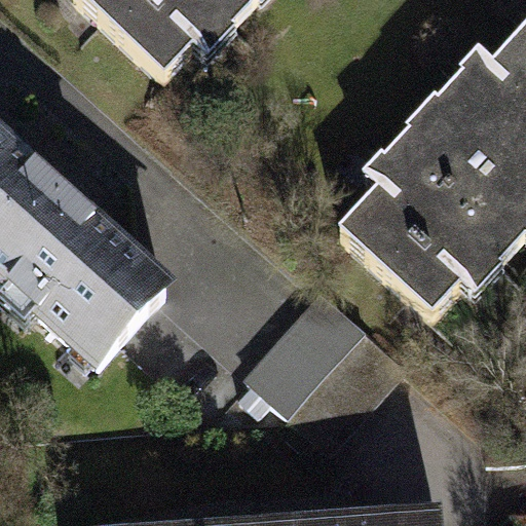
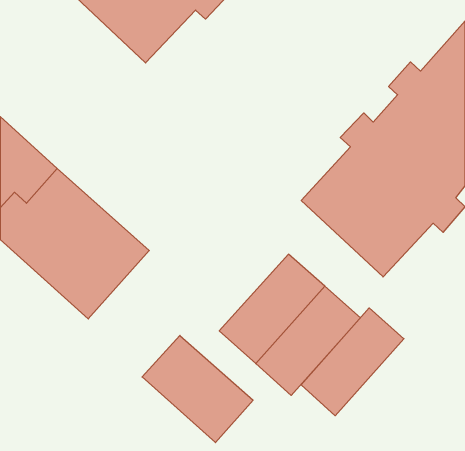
building: none -> [301,308,404,416]
building: none -> [142,335,253,443]

